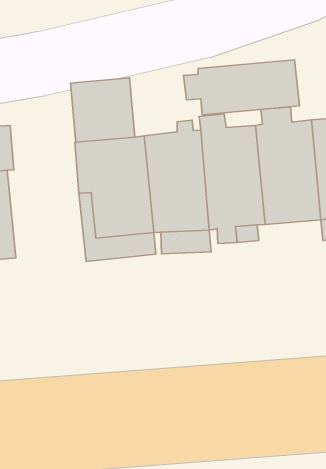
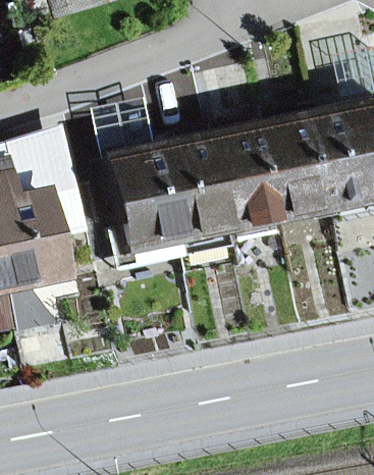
building: [184,60,299,115] -> none

